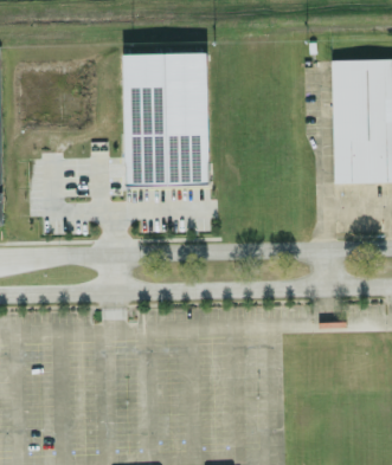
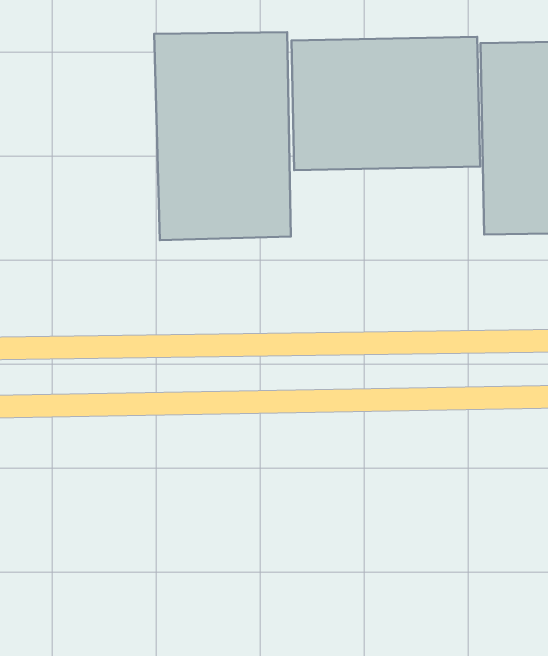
building: none -> [292,37,480,170]

